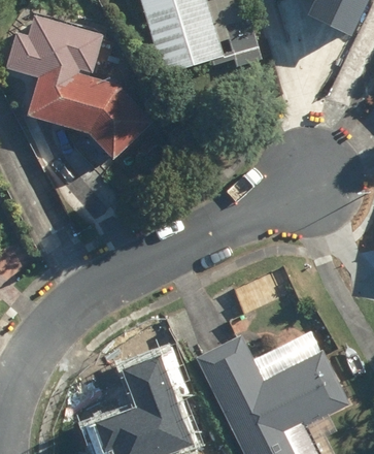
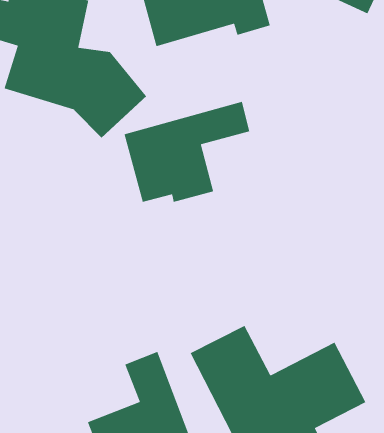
building: none -> [123,101,250,203]

